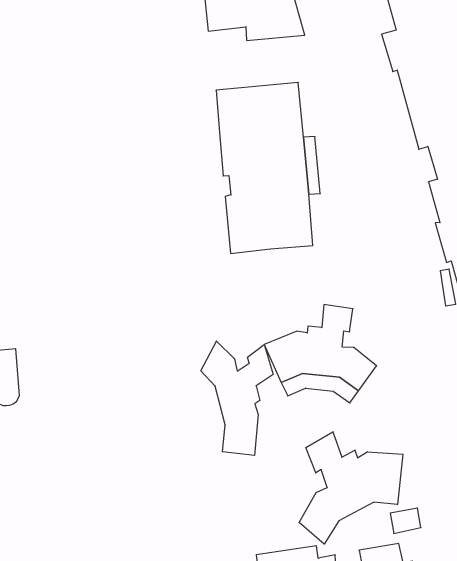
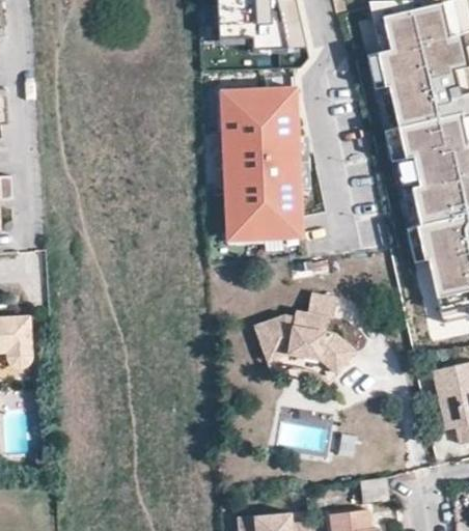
building: [201,341,273,455] -> none
building: [299,432,403,544] -> none

